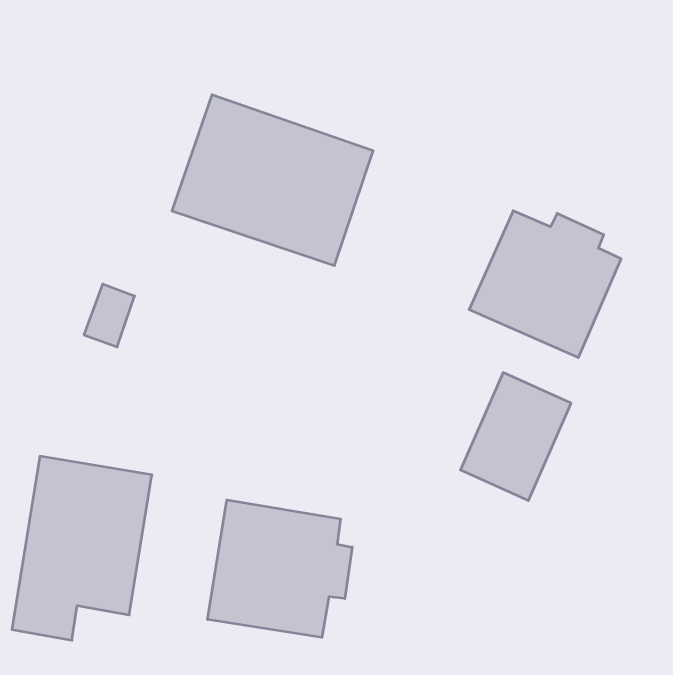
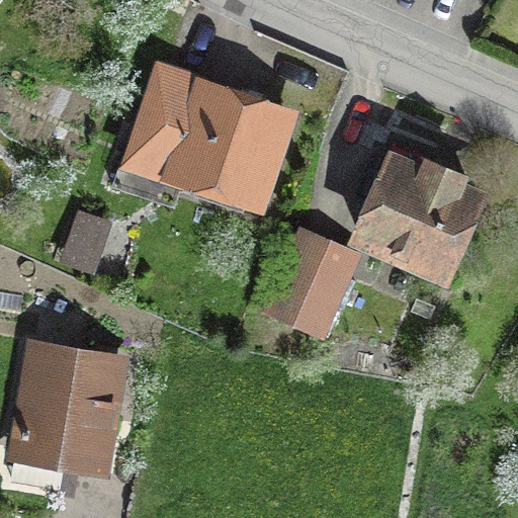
building: [460,373,571,501] -> [272,232,356,329]
building: [208,500,352,637] -> none

